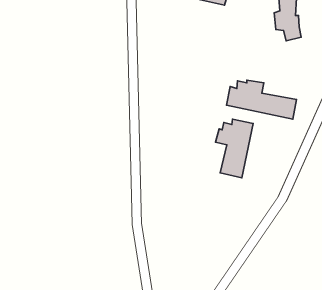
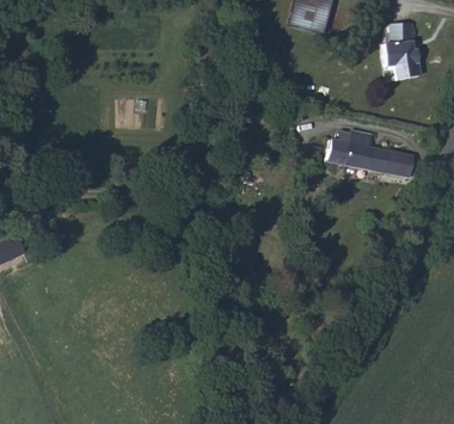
building: [216,119,253,178] -> none

